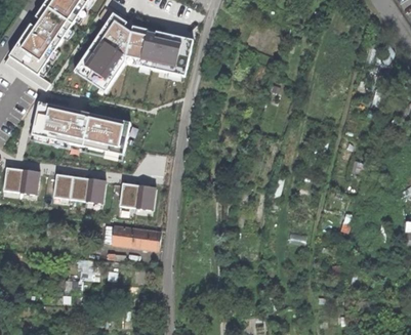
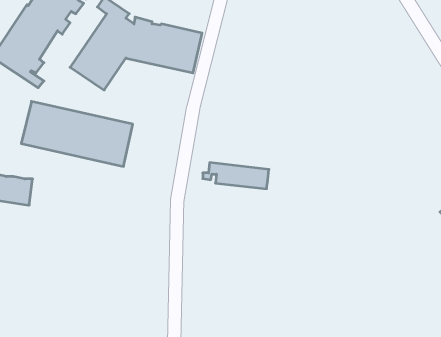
building: [52,174,105,203] -> none
building: [118,183,155,210] -> none
building: [99,225,159,249] -> [203,163,269,189]

